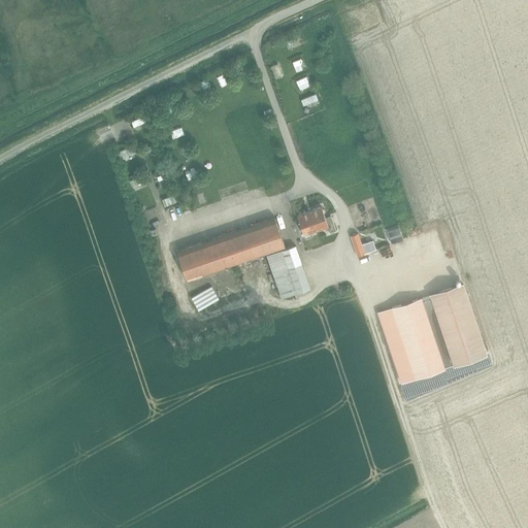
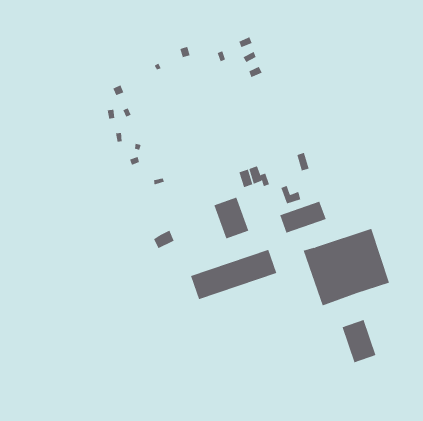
building: [175,220,284,283] -> [190,249,277,300]
building: none -> [279,201,326,234]
building: none -> [342,319,376,363]

